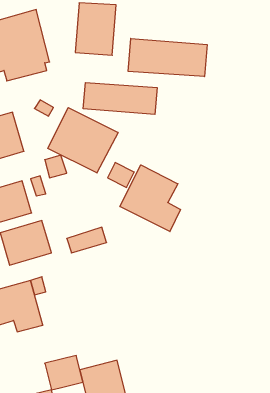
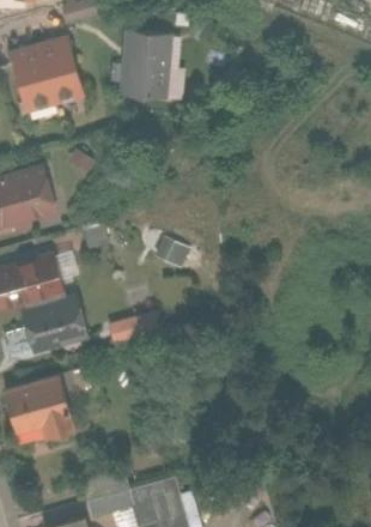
building: [128,38,207,77] -> none
building: [83,83,157,114] -> none
building: [48,108,118,173] -> none
building: [120,165,180,232] -> none

